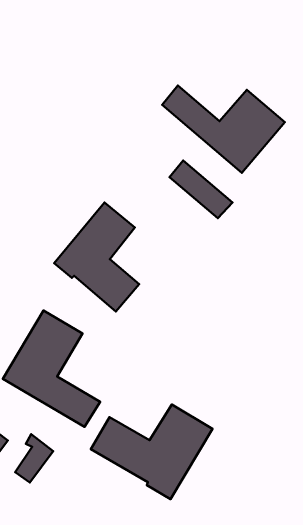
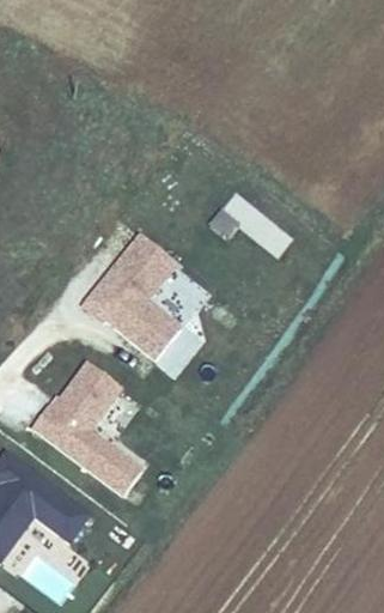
building: [162,85,285,173] -> none
building: [91,405,212,499] -> none

